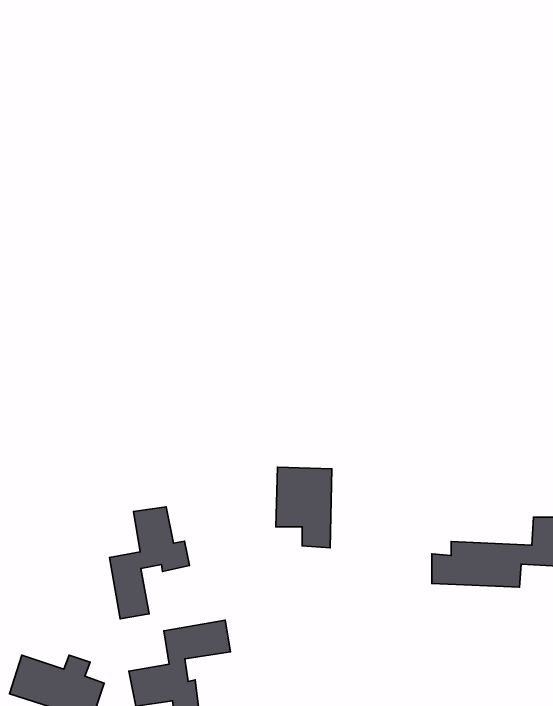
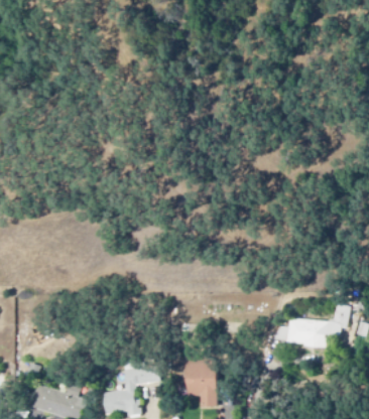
building: [276,467,332,548] -> [183,362,216,408]
building: [110,507,189,619] -> none

